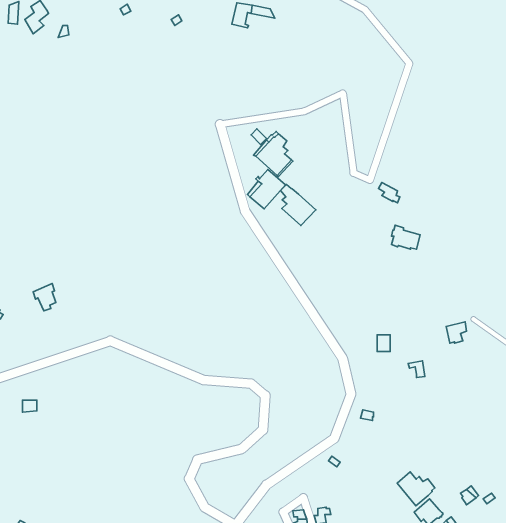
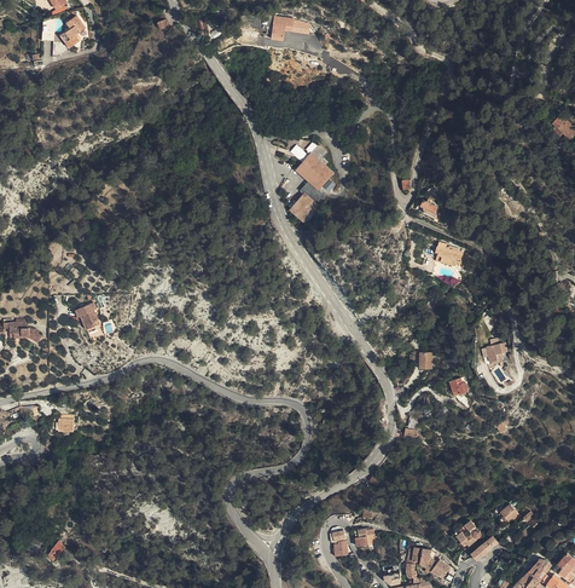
building: [280,185,316,226] -> none
building: [397,472,435,506] -> none

